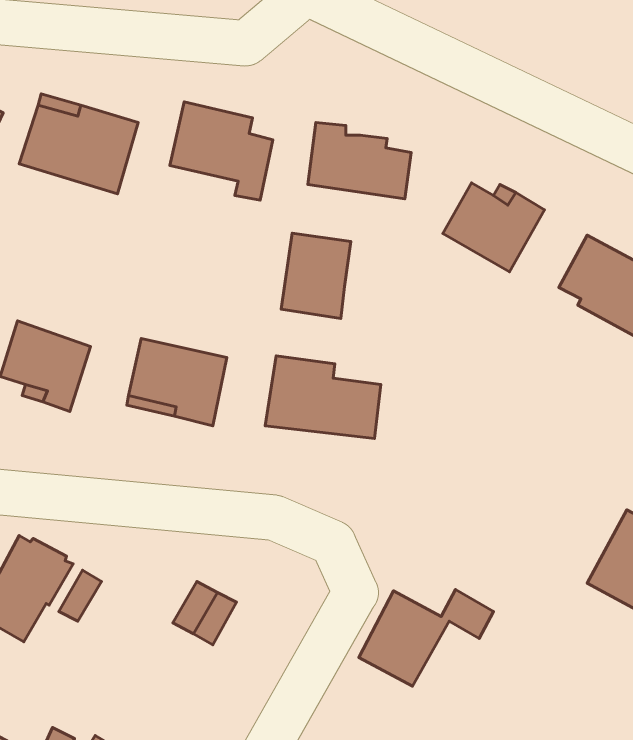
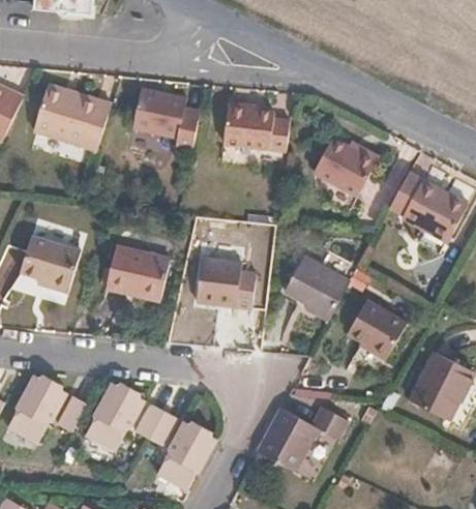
building: [281,233,351,318] -> none
building: none -> [284,256,349,319]
building: none -> [346,300,406,357]
building: none -> [84,381,143,449]
building: none -> [154,419,214,486]

